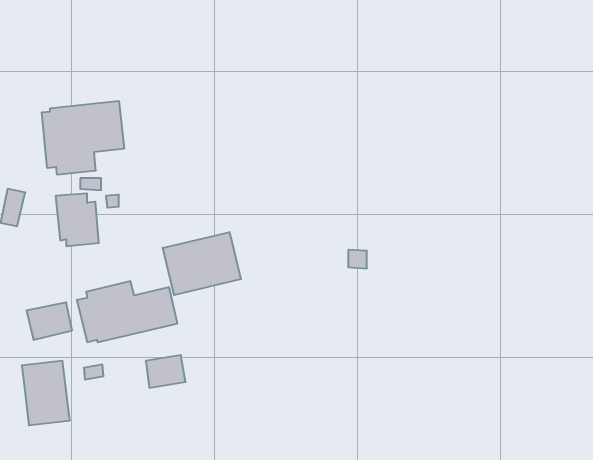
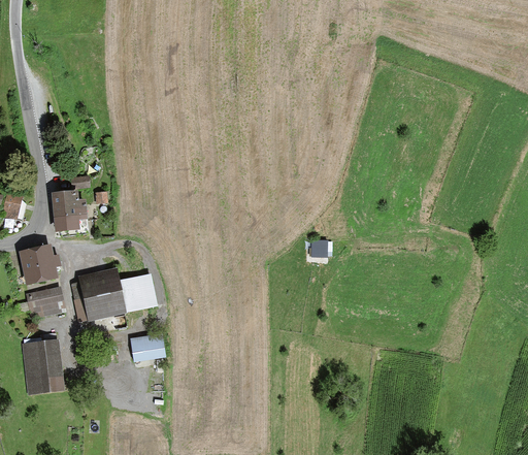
building: [42,101,124,175] -> none
building: [163,232,241,295] -> none
building: none -> [20,243,62,285]

